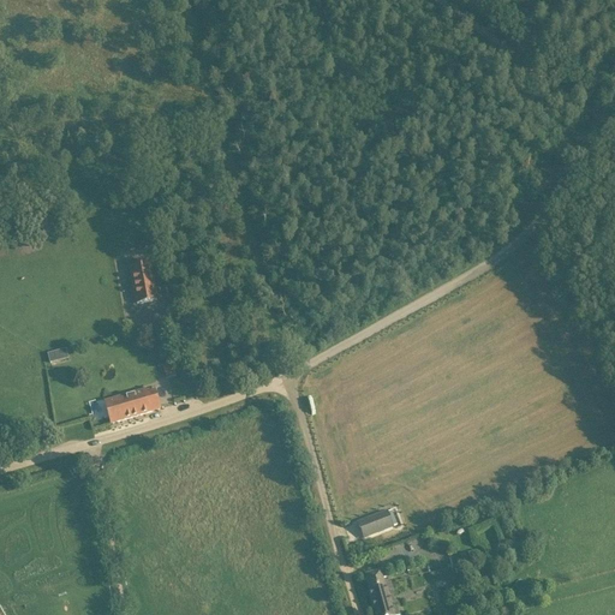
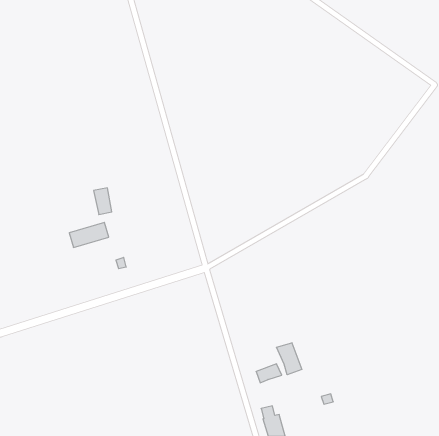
building: [105,386,160,420] -> [69,222,109,247]
building: none -> [277,343,302,375]

